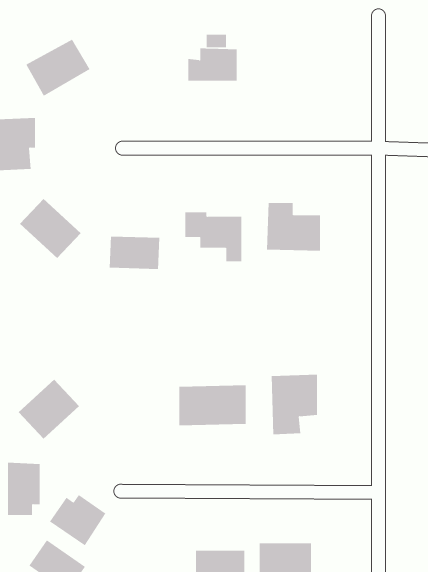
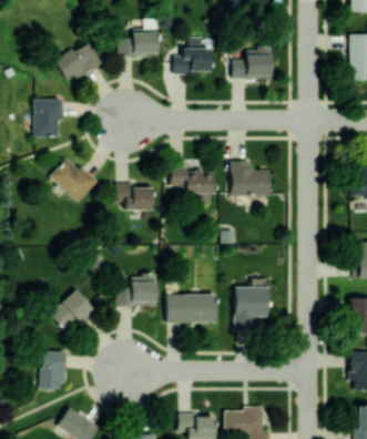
building: none -> [119,19,157,57]
building: none -> [222,49,272,79]
building: none -> [116,276,155,306]
building: [49,494,106,546] -> none

